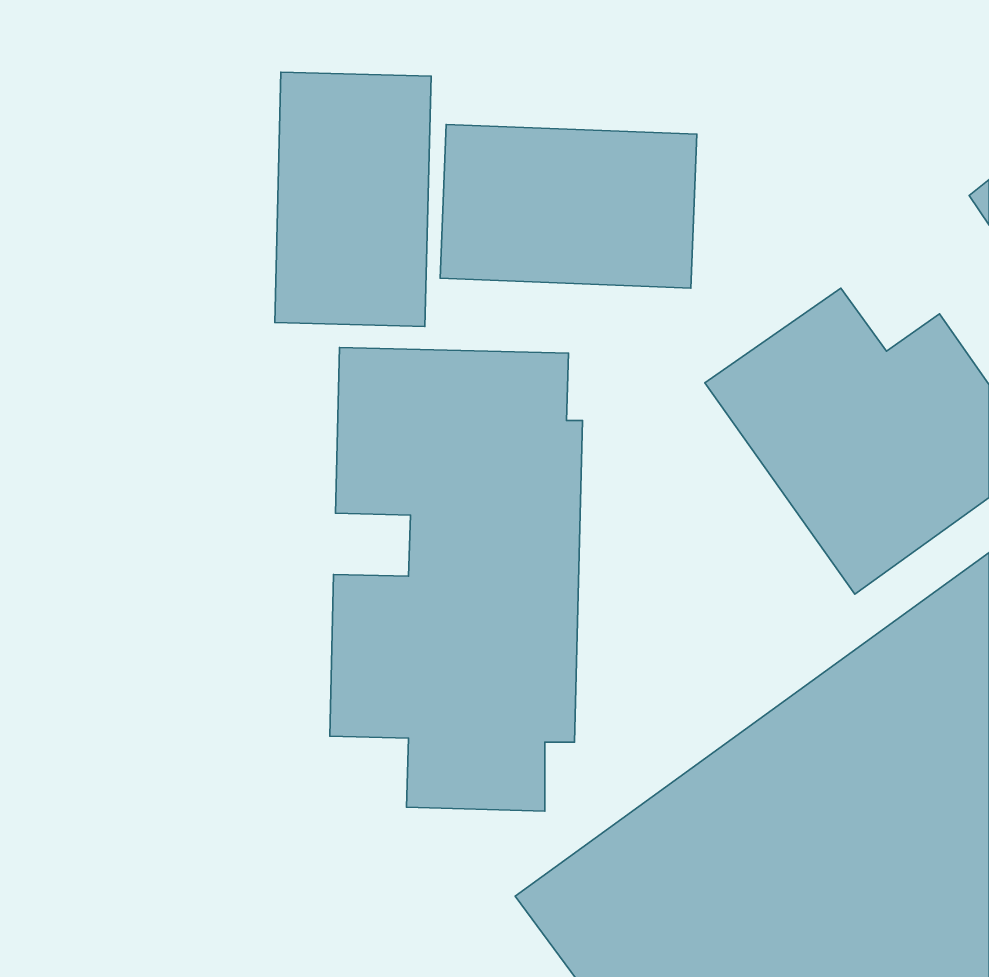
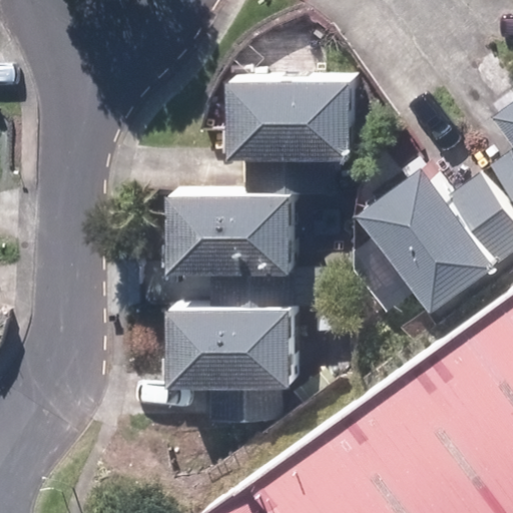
building: [275,72,431,326] -> none

